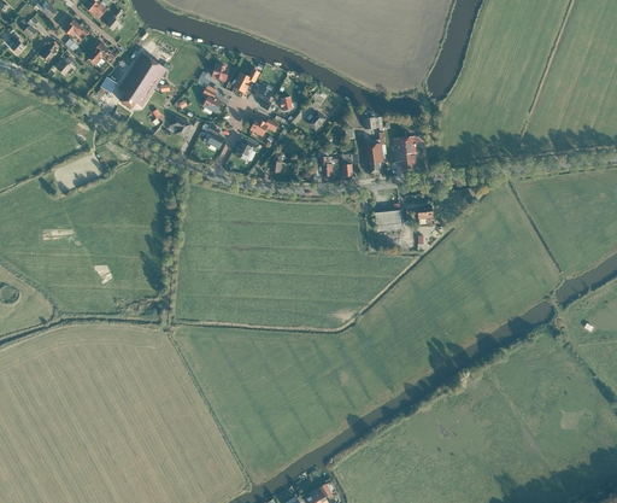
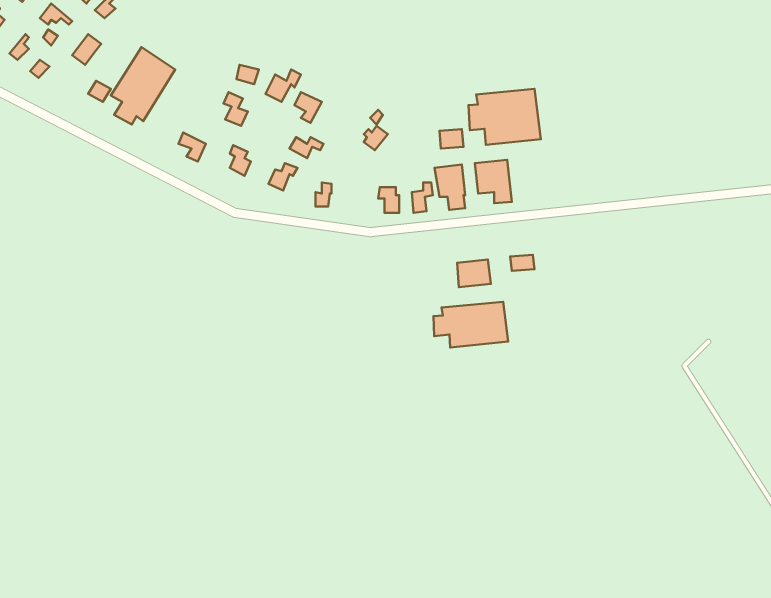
building: none -> [469,89,541,145]
building: none -> [433,302,508,347]

